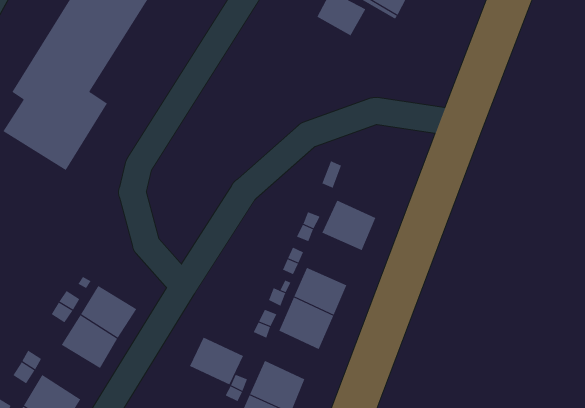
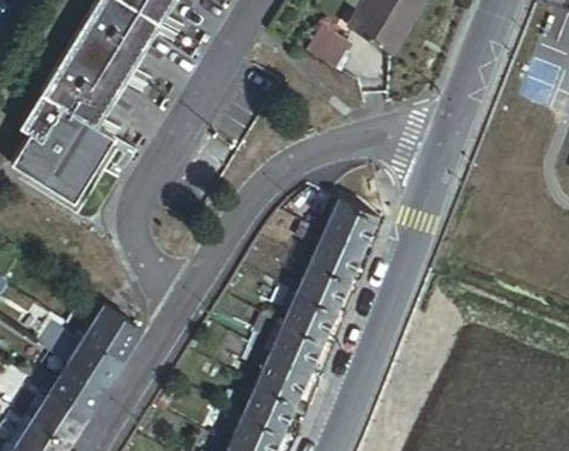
building: none -> [329,196,380,242]
building: none -> [301,256,353,305]
building: [189,337,244,385] -> [261,348,313,394]
building: none -> [52,361,107,413]

